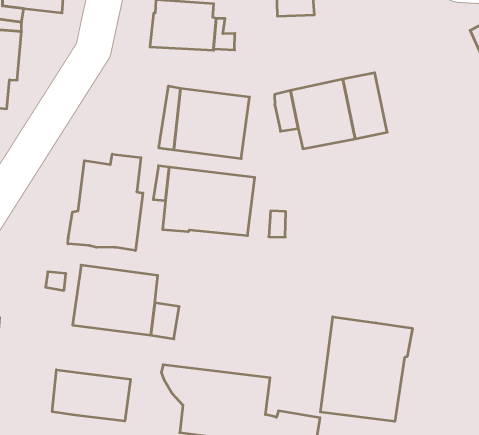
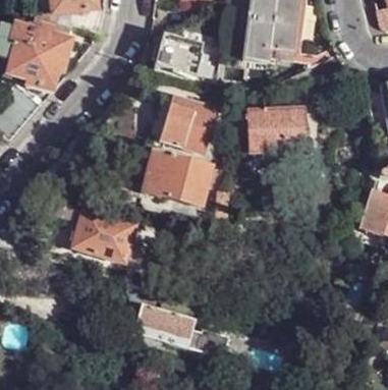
building: [68,154,143,251] -> none
building: [320,317,412,421] -> none
building: [52,370,131,421] -> none

